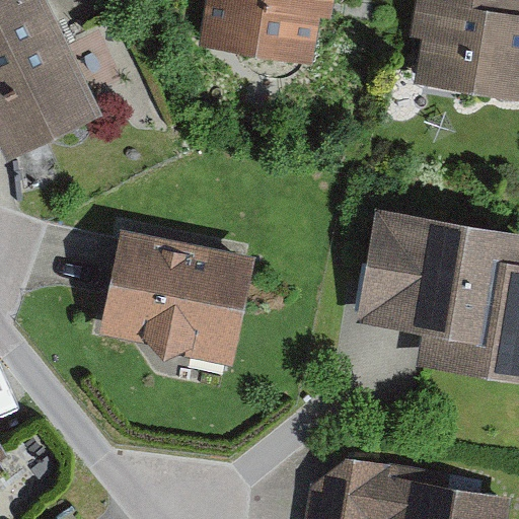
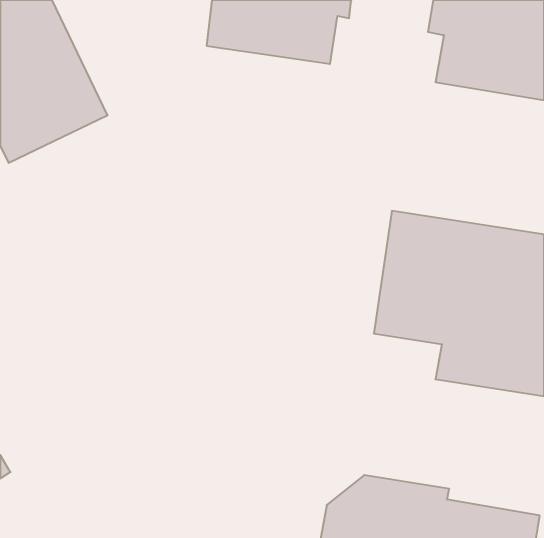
building: [99,227,255,369] -> none

